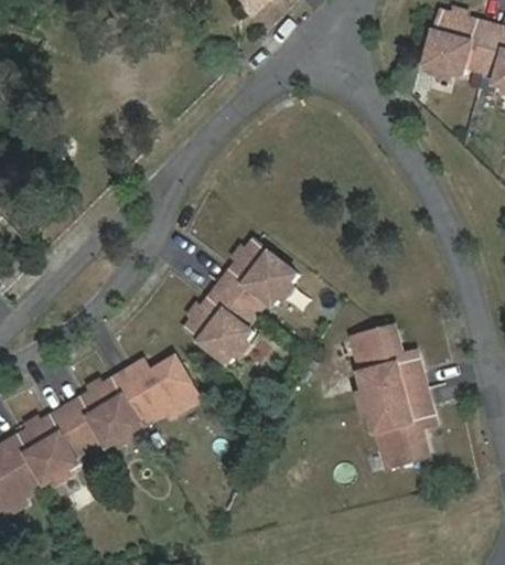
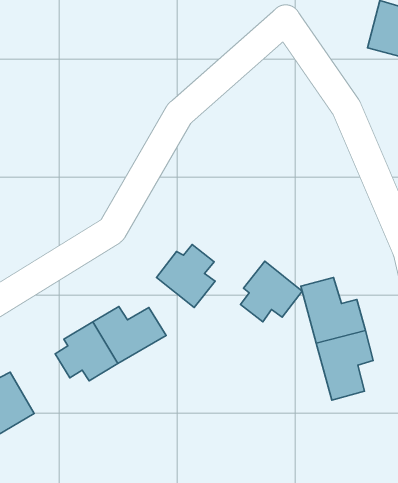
building: [226,239,297,309] -> [241,261,302,322]
building: [18,414,86,482] -> none

